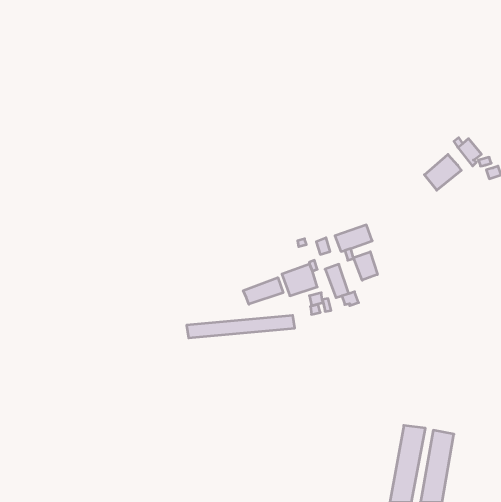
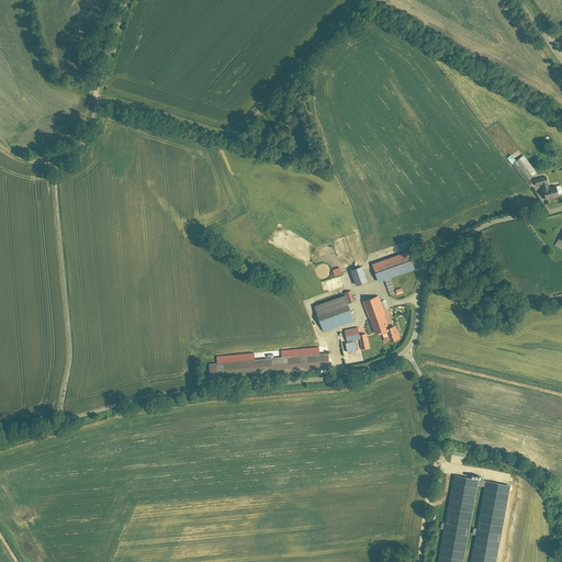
building: [424,154,461,190] -> none
building: [354,252,377,280] -> none
building: [243,278,283,304] -> none

